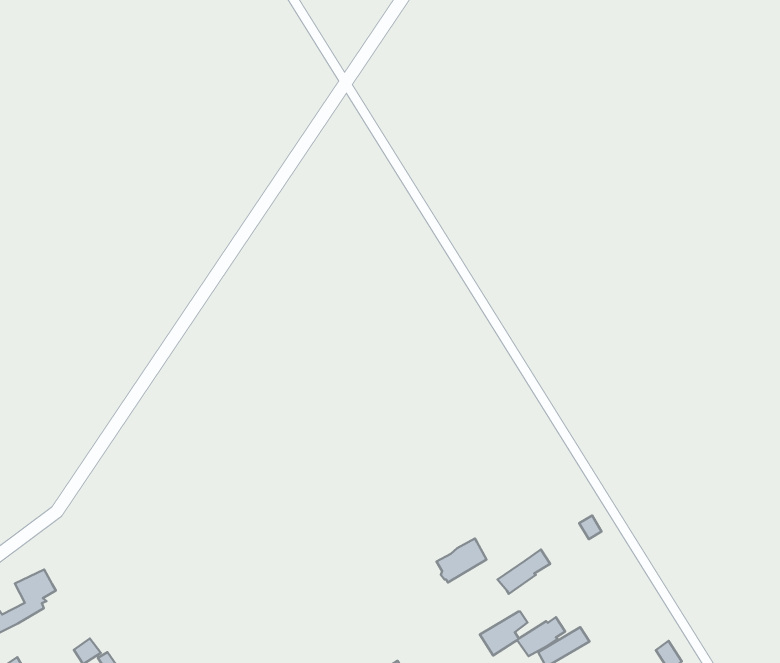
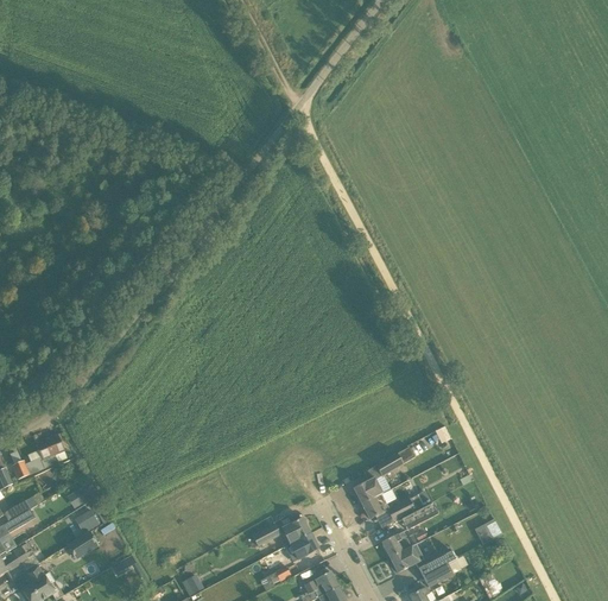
building: [436,539,487,583] -> [352,475,387,505]

